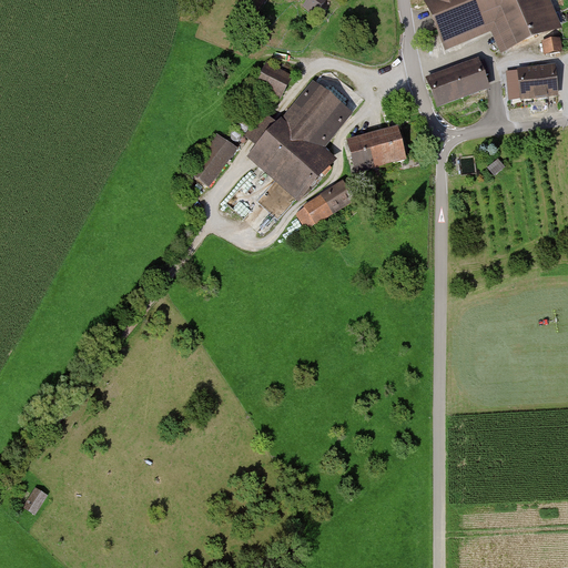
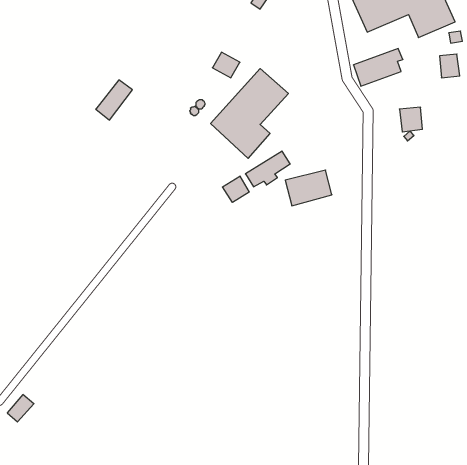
building: [507,68,535,98] -> [399,107,422,132]
building: [348,128,405,171] -> [285,170,332,206]
building: [191,135,235,184] -> [96,80,132,120]
building: none -> [222,176,249,202]

